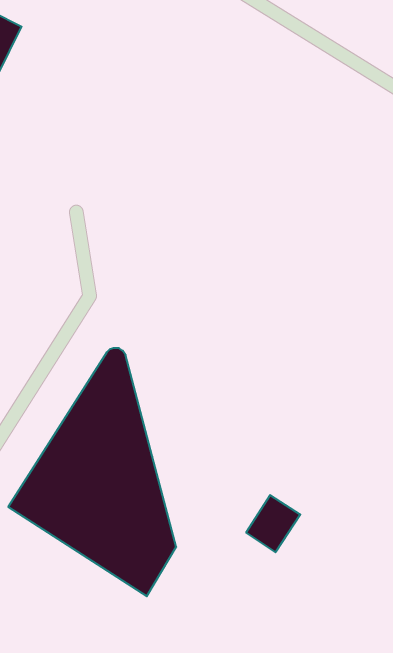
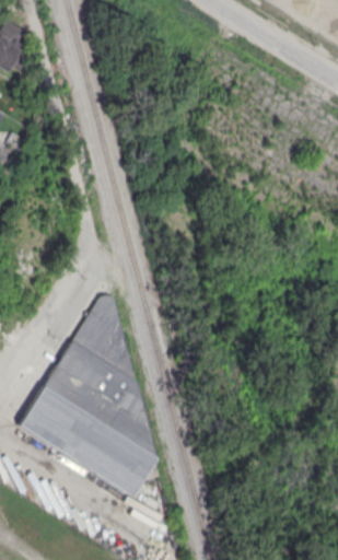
building: [246,495,300,552] -> none

